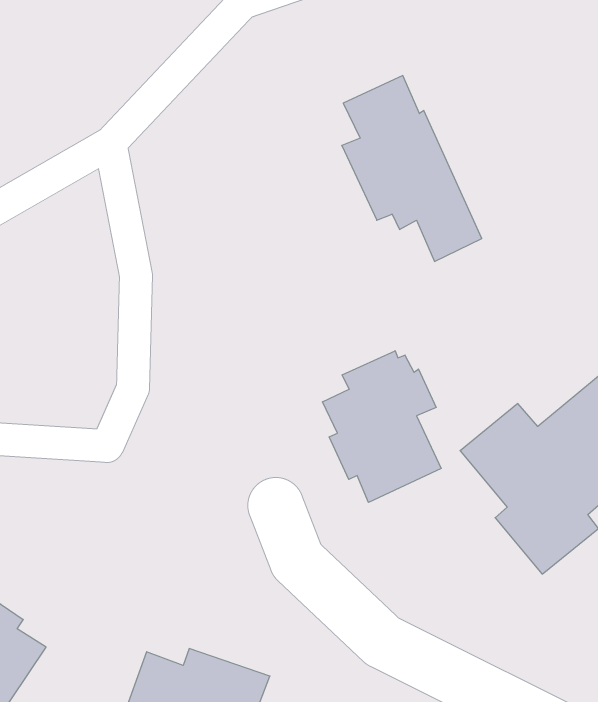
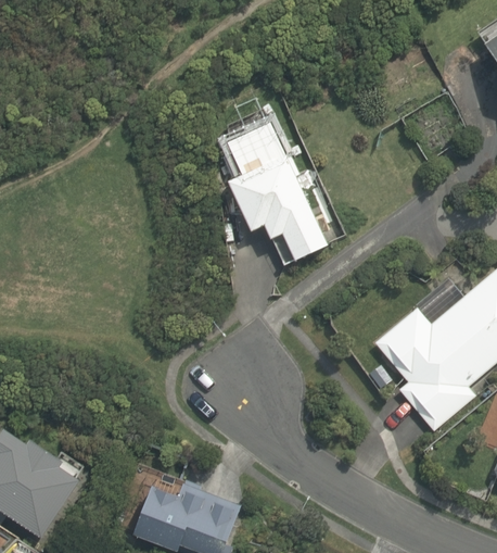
building: [342,76,482,261] -> [227,128,327,261]
building: [323,351,441,502] -> none

